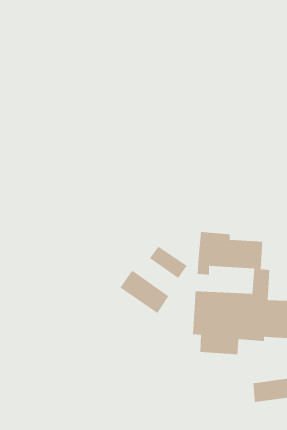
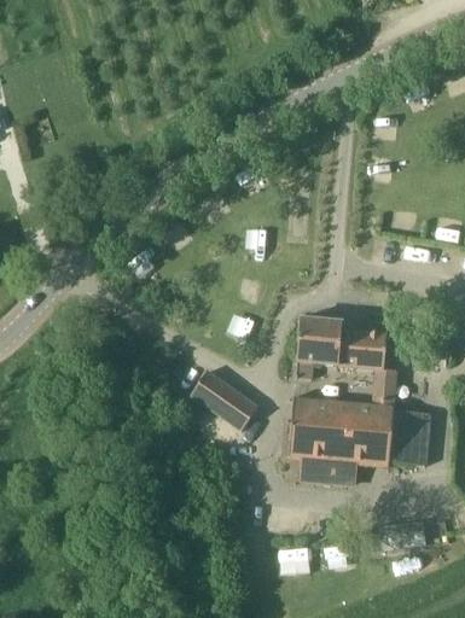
building: [149,246,188,279] -> none

